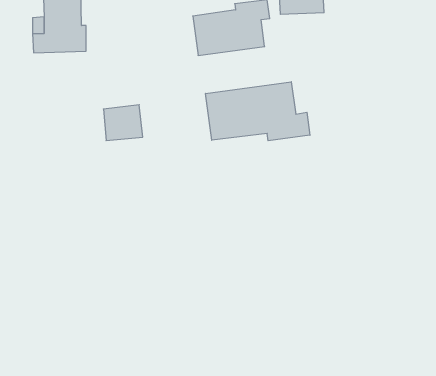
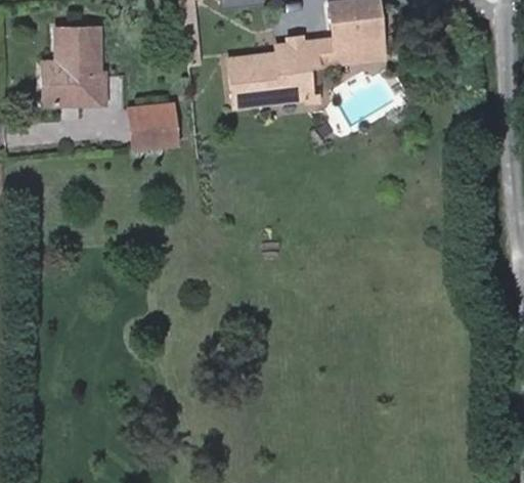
building: [206,82,310,141] -> none
building: [103,105,143,141] -> [131,103,177,145]

